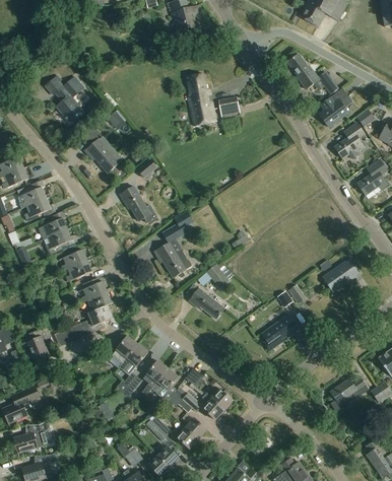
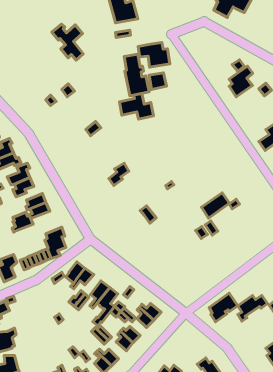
building: [286,53,319,89] -> none
building: none -> [138,43,170,67]
building: [45,75,84,121] -> [52,24,83,60]
building: [333,122,365,159] -> none
building: none -> [119,93,154,119]
building: [84,138,119,173] -> none
building: [120,186,157,223] -> none
building: [153,239,190,277] -> none
building: [323,259,358,291] -> [201,193,229,218]
building: [80,277,107,302] -> [12,212,33,232]
building: [188,288,223,319] -> none
building: [261,315,298,351] -> [209,293,238,322]

